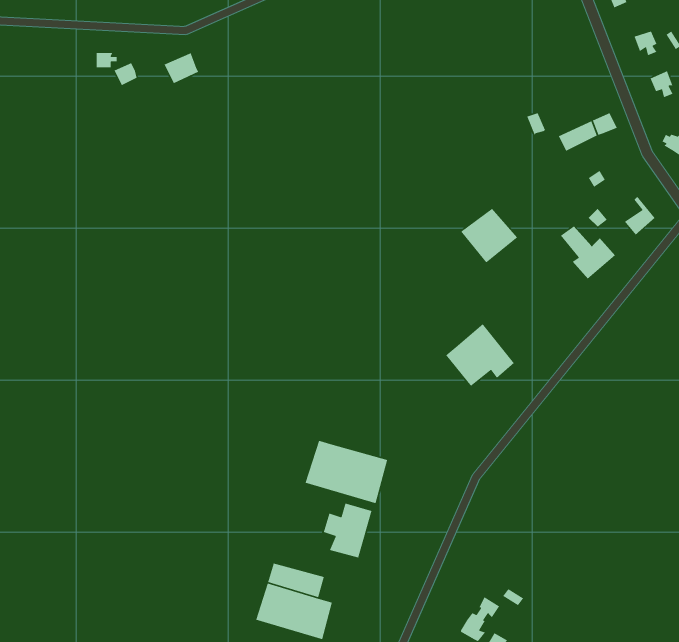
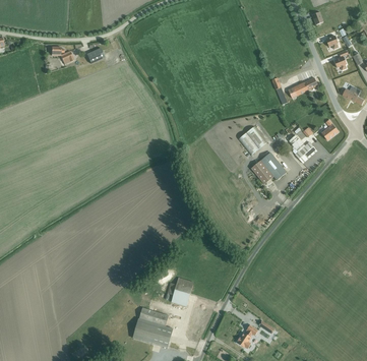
building: [445,323,515,387] -> [251,152,287,184]
building: [305,440,388,504] -> none

